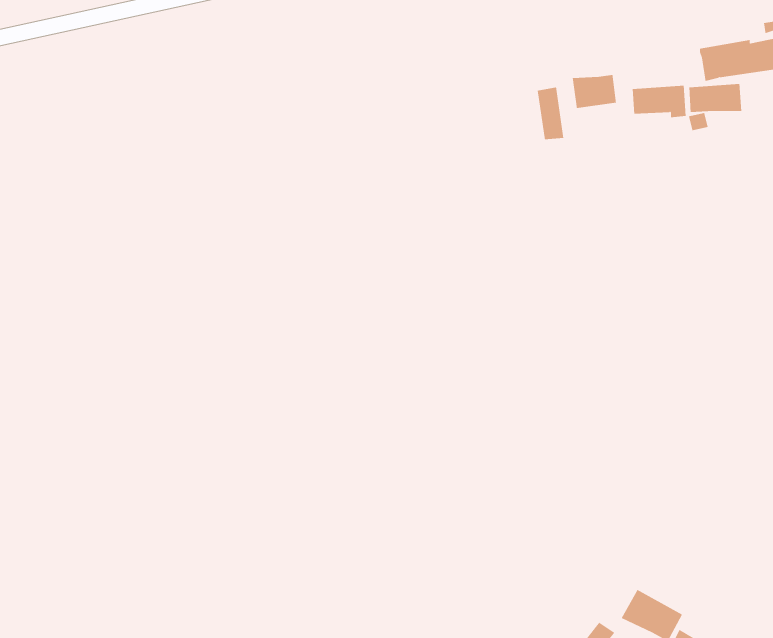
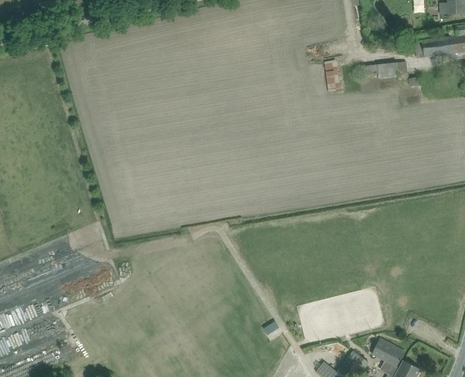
building: [572,74,617,109] -> none
building: [689,83,742,113] -> none

